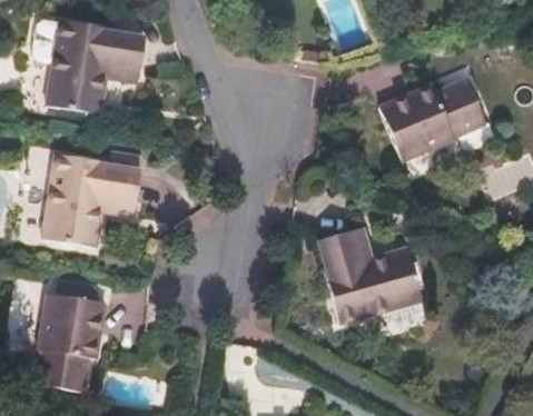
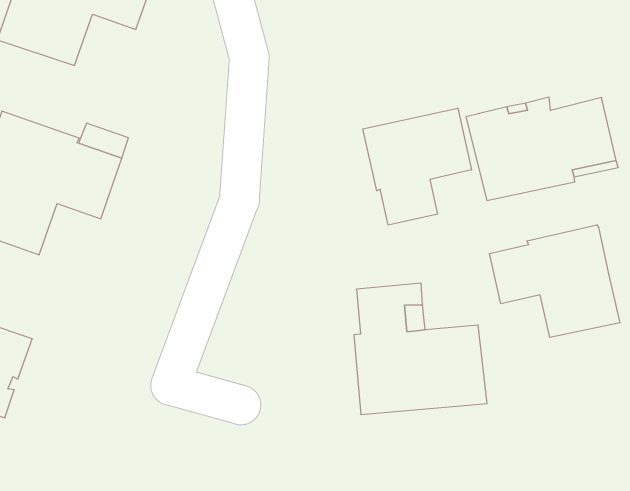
building: none -> [363,108,472,225]
building: none -> [489,225,620,337]

